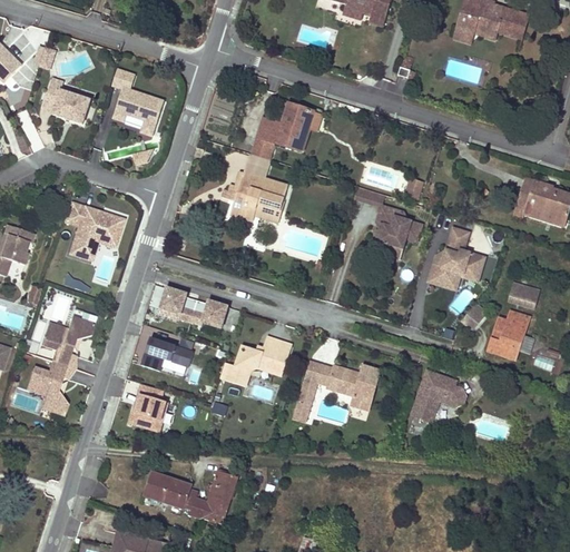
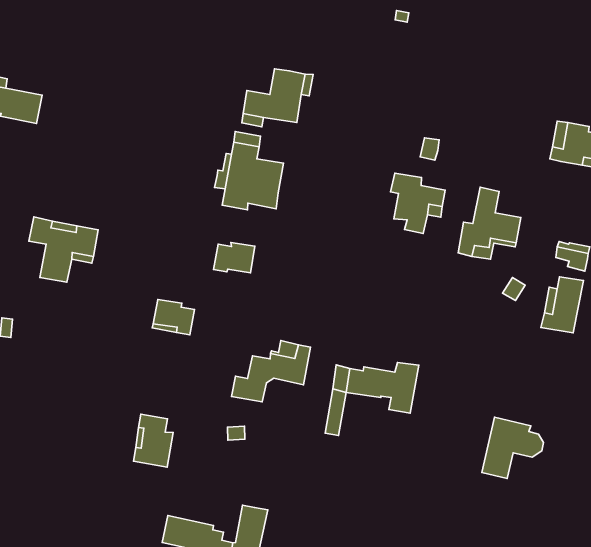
building: [110,69,163,135] -> none
building: [189,298,227,326] -> [213,243,255,273]
building: [26,316,94,415] -> none
building: [139,336,191,369] -> none
building: [411,369,466,423] -> [482,417,543,479]

